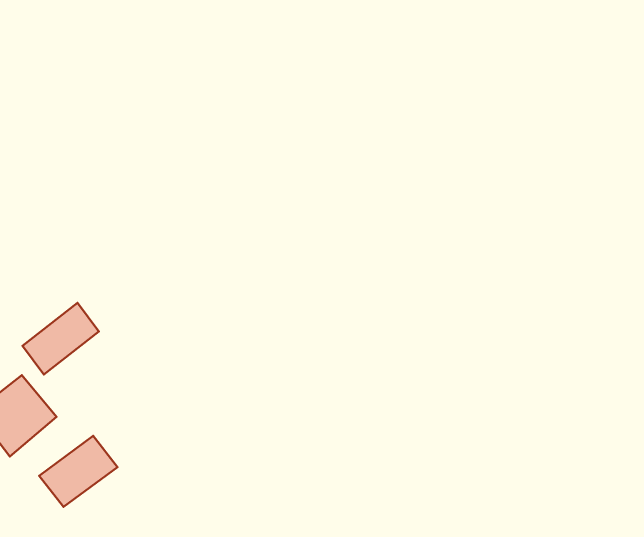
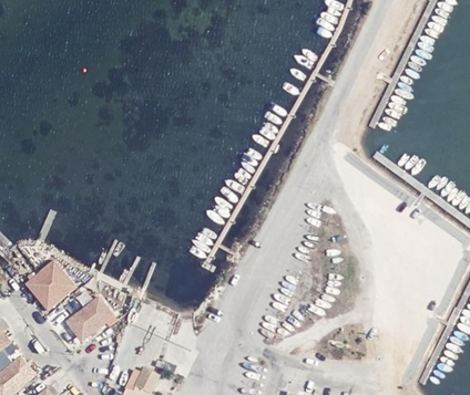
building: [22,303,99,375] -> none

